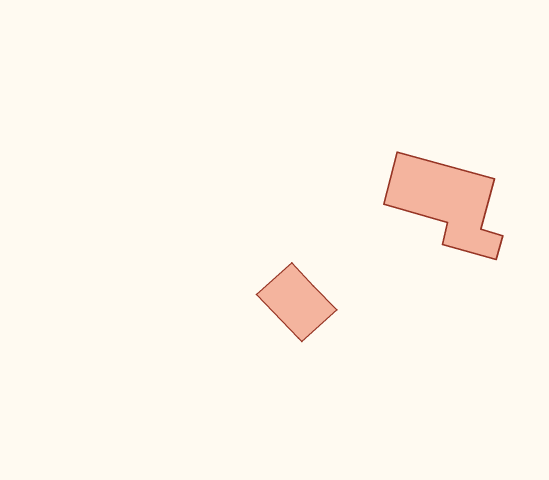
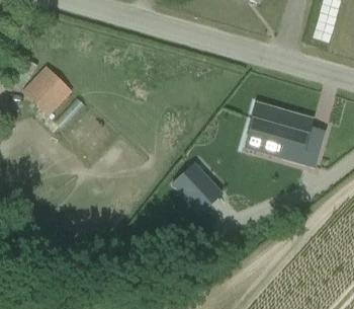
building: none -> [20,66,70,115]

